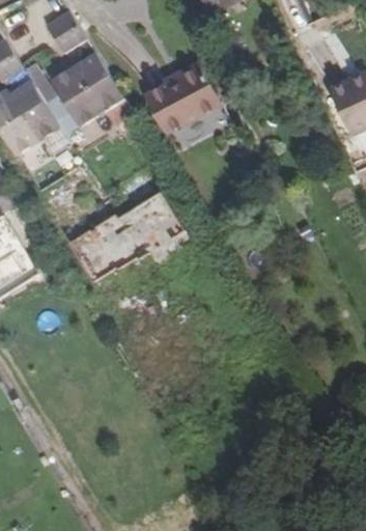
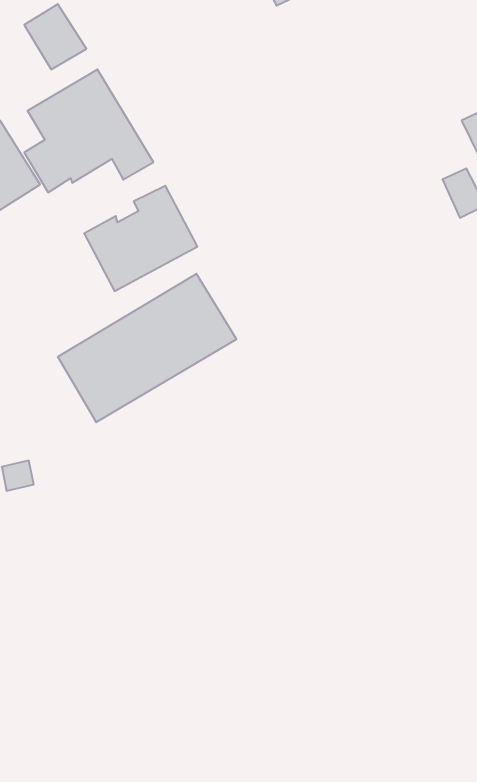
building: [147,63,221,132] -> [84,186,197,291]

